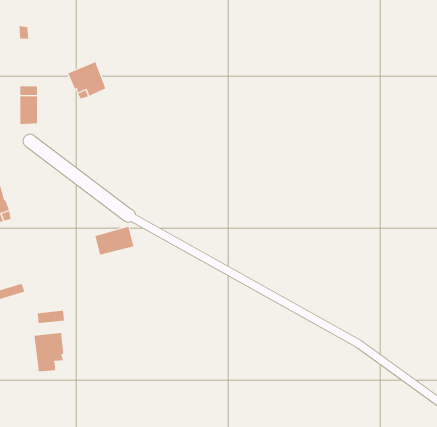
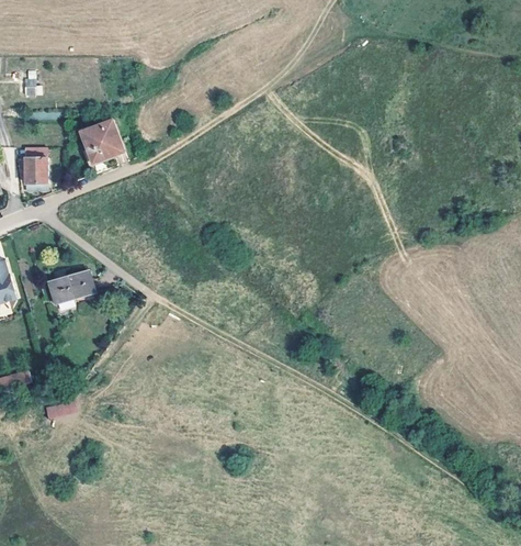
building: [95,226,134,255] -> [47,271,92,304]
building: [34,332,64,372] -> none

